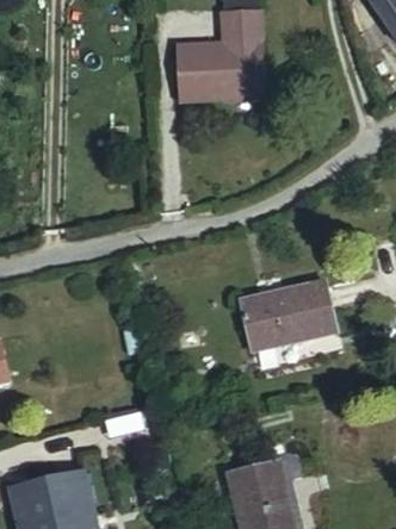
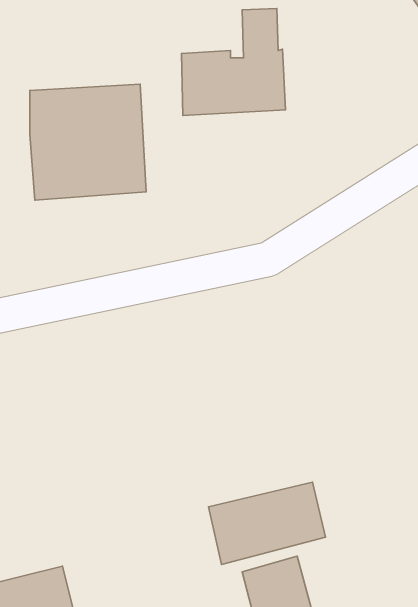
building: none -> [30,84,146,200]
building: [240,281,336,349] -> [208,482,326,565]

